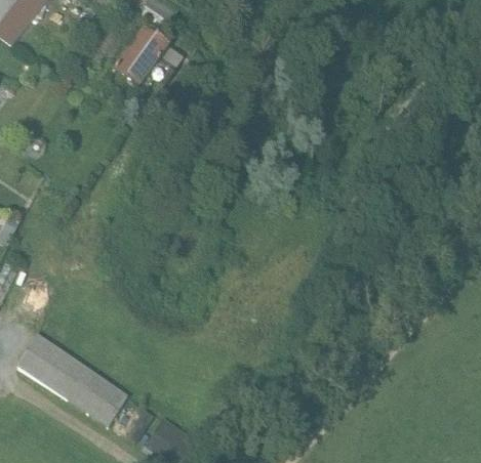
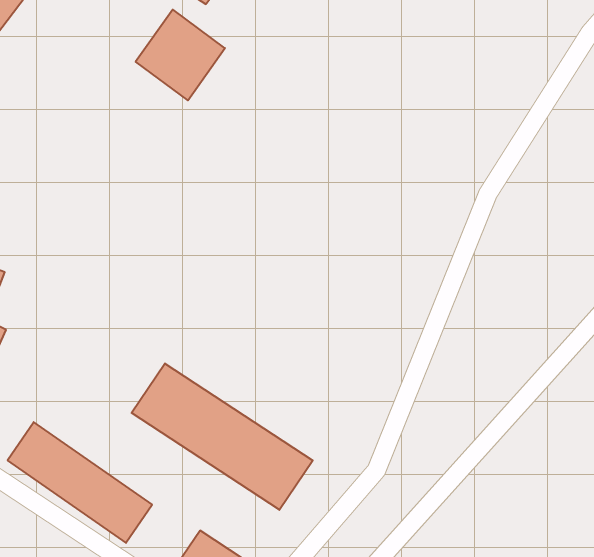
building: none -> [132,363,313,510]

